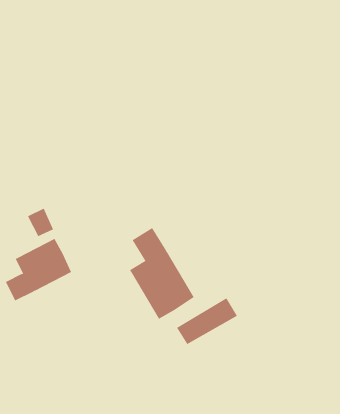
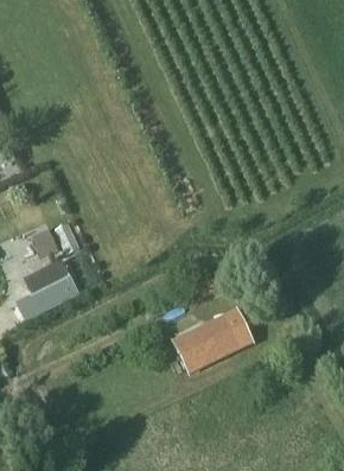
building: [129,227,195,320] -> none

